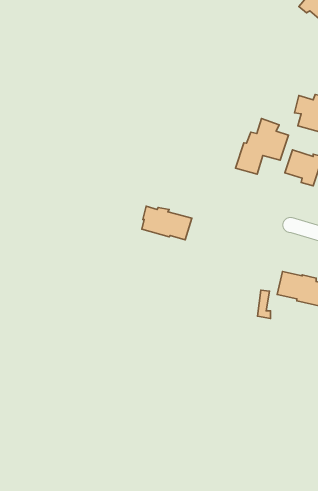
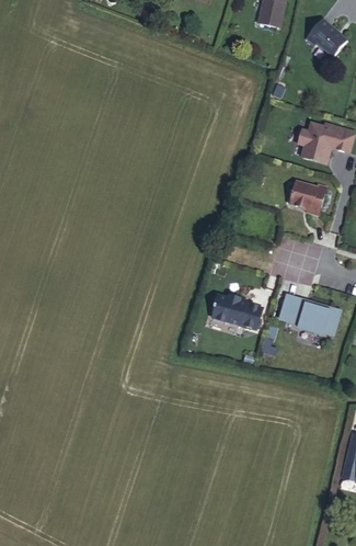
building: [236,118,288,174] -> none
building: [142,206,192,240] -> [214,298,264,332]

